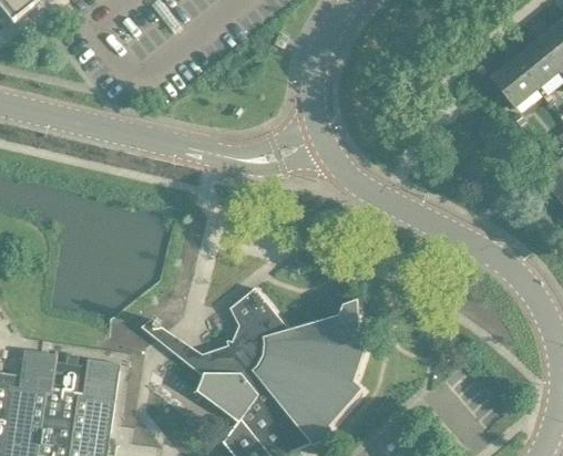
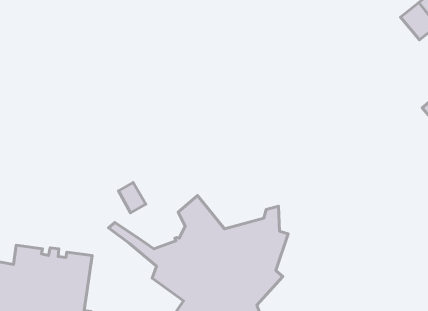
building: [490,60,536,107] -> none
building: none -> [119,182,146,213]

